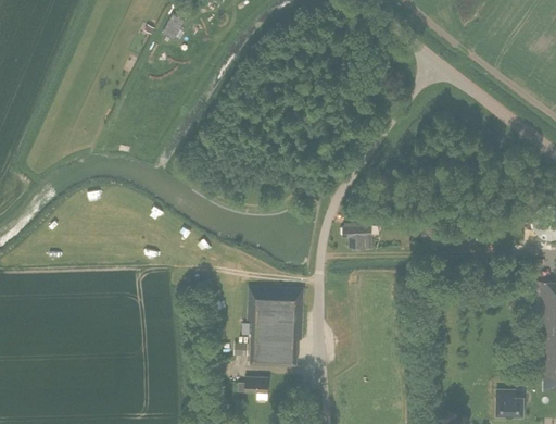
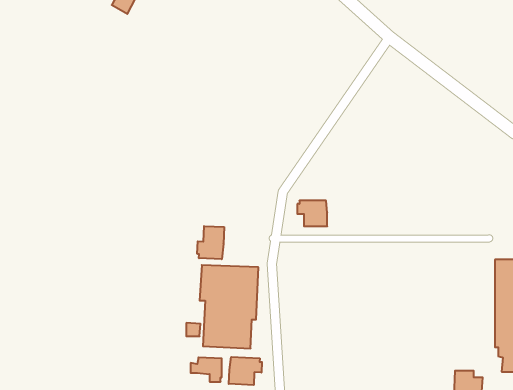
building: none -> [197,226,224,259]
building: none -> [229,357,262,385]

